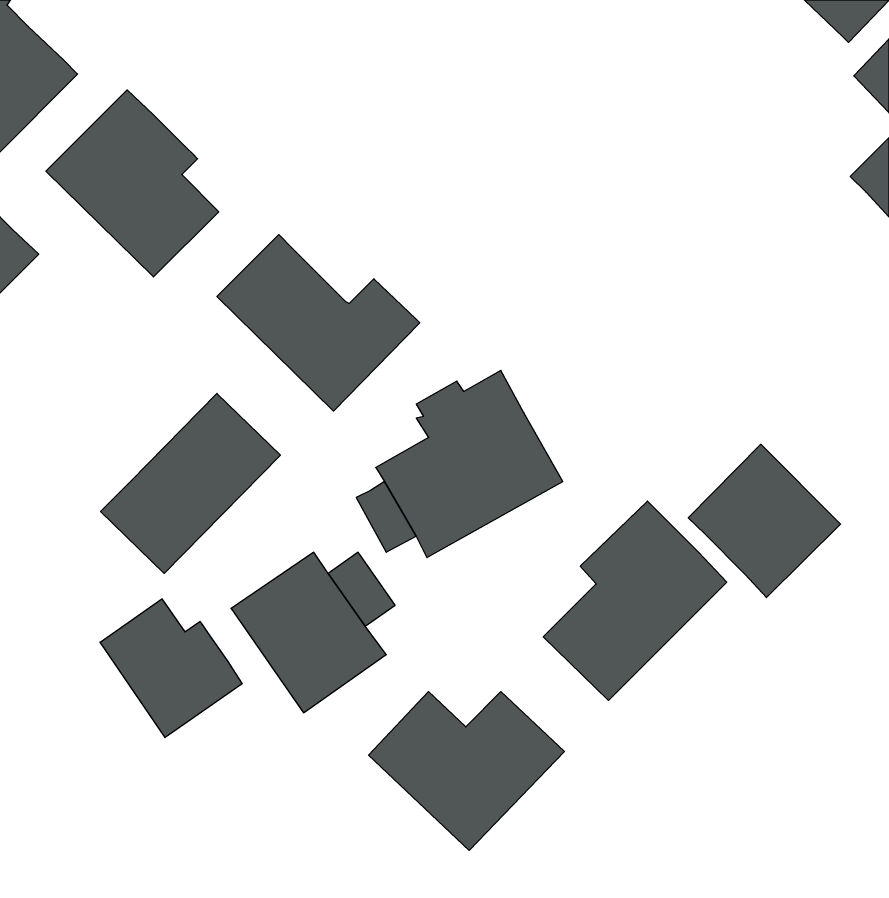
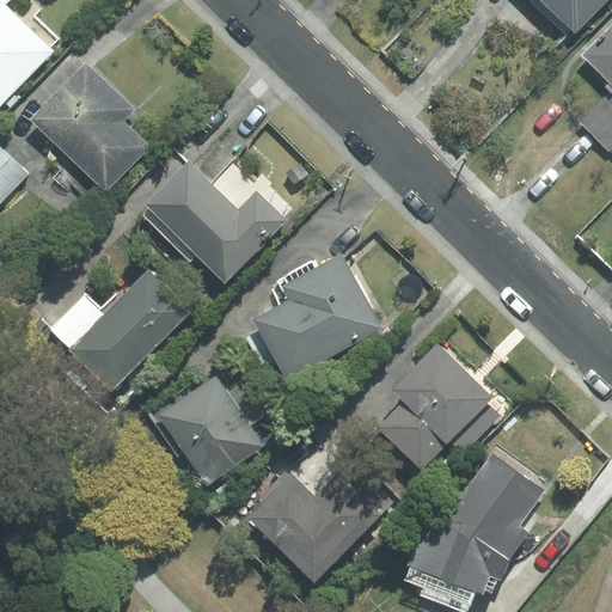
building: [688,444,841,598] -> none
building: [100,599,242,738] -> none
building: none -> [405,453,541,604]

